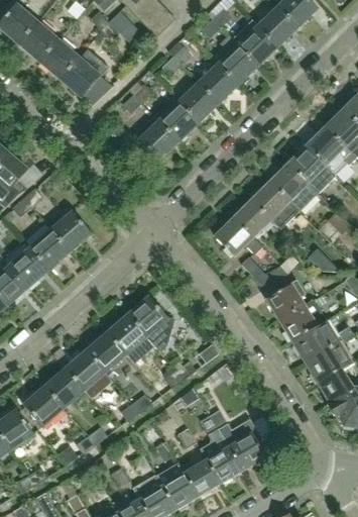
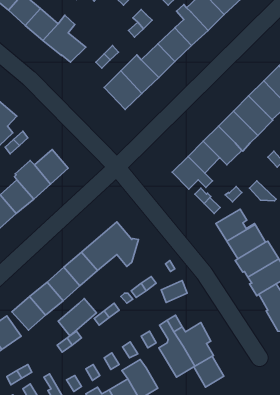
building: none -> [58,298,97,336]
building: [184,458,220,496] -> [194,356,224,387]

